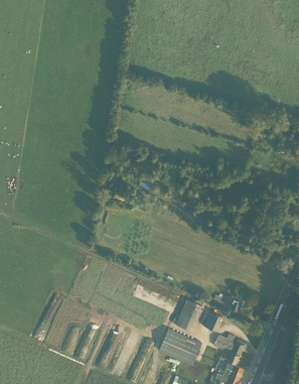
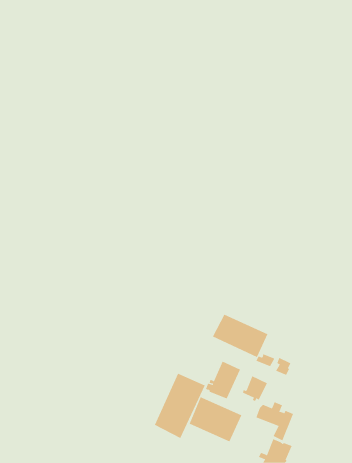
building: none -> [212,314,268,358]
building: none -> [154,373,205,439]

